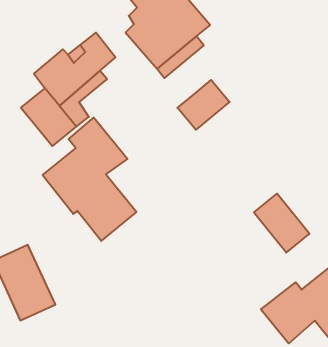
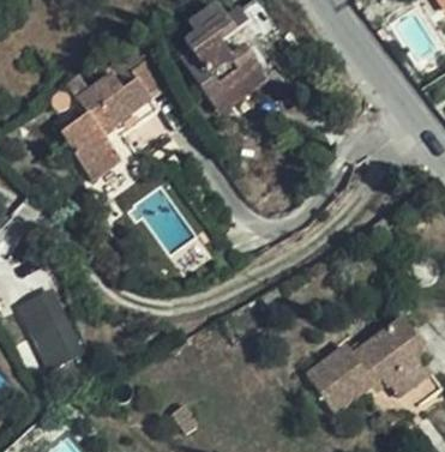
building: [177,80,230,130] -> none
building: [43,118,136,241] -> none
building: [254,194,309,253] -> none

